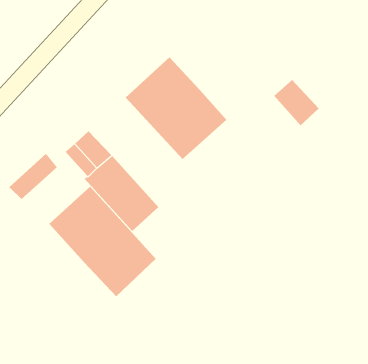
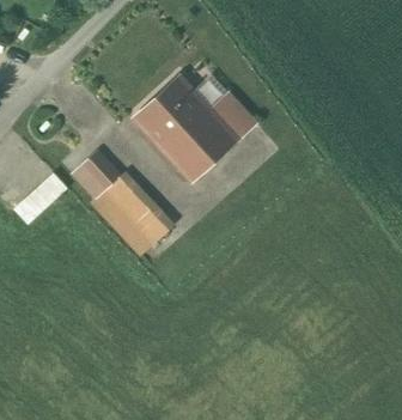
building: [274,79,319,126] -> [209,92,256,140]
building: [49,186,157,297] -> none

